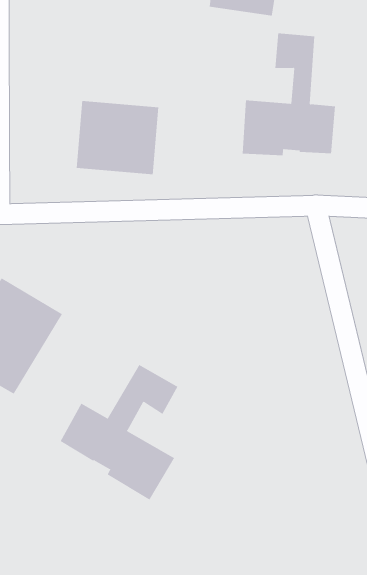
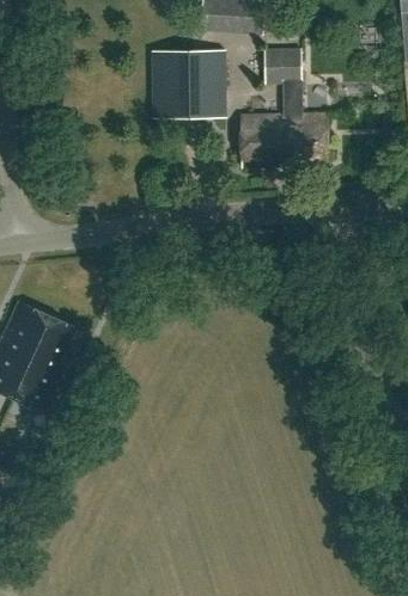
building: [76,100,159,175] -> [152,51,226,116]
building: [60,364,178,500] -> none

